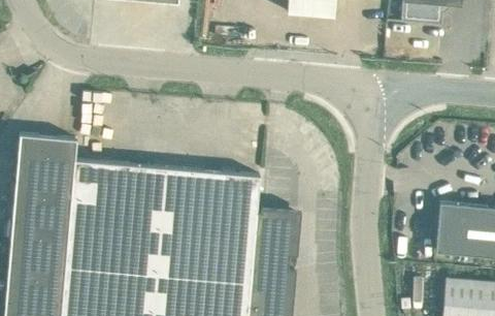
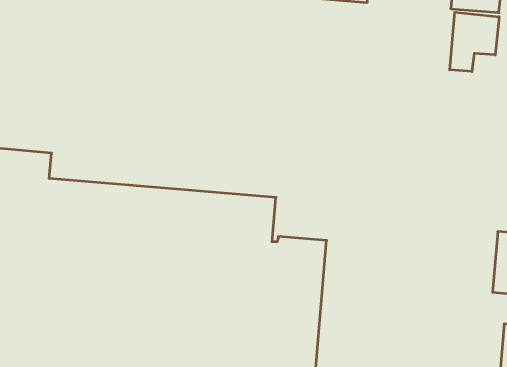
building: none -> [450,12,499,72]

